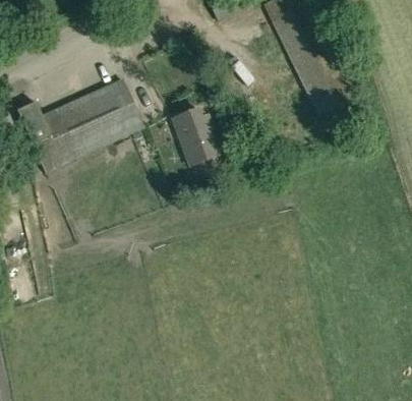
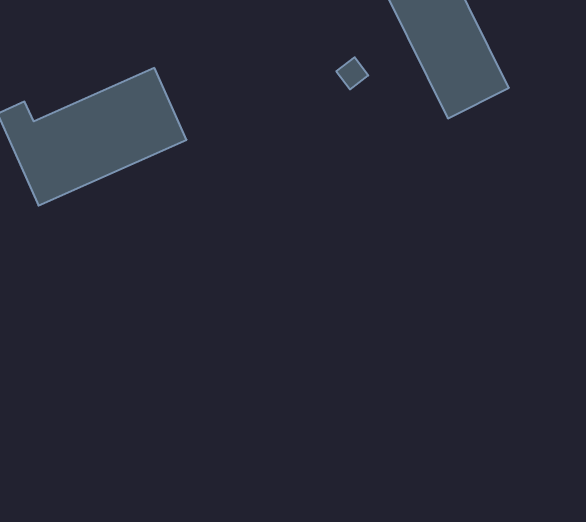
building: [172,109,219,180] -> none

